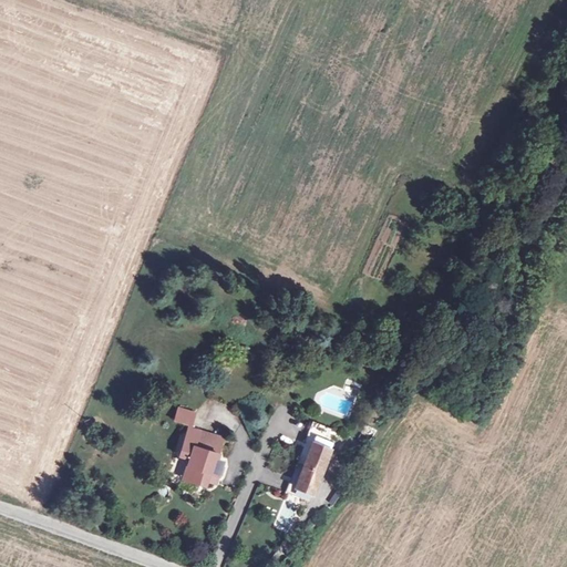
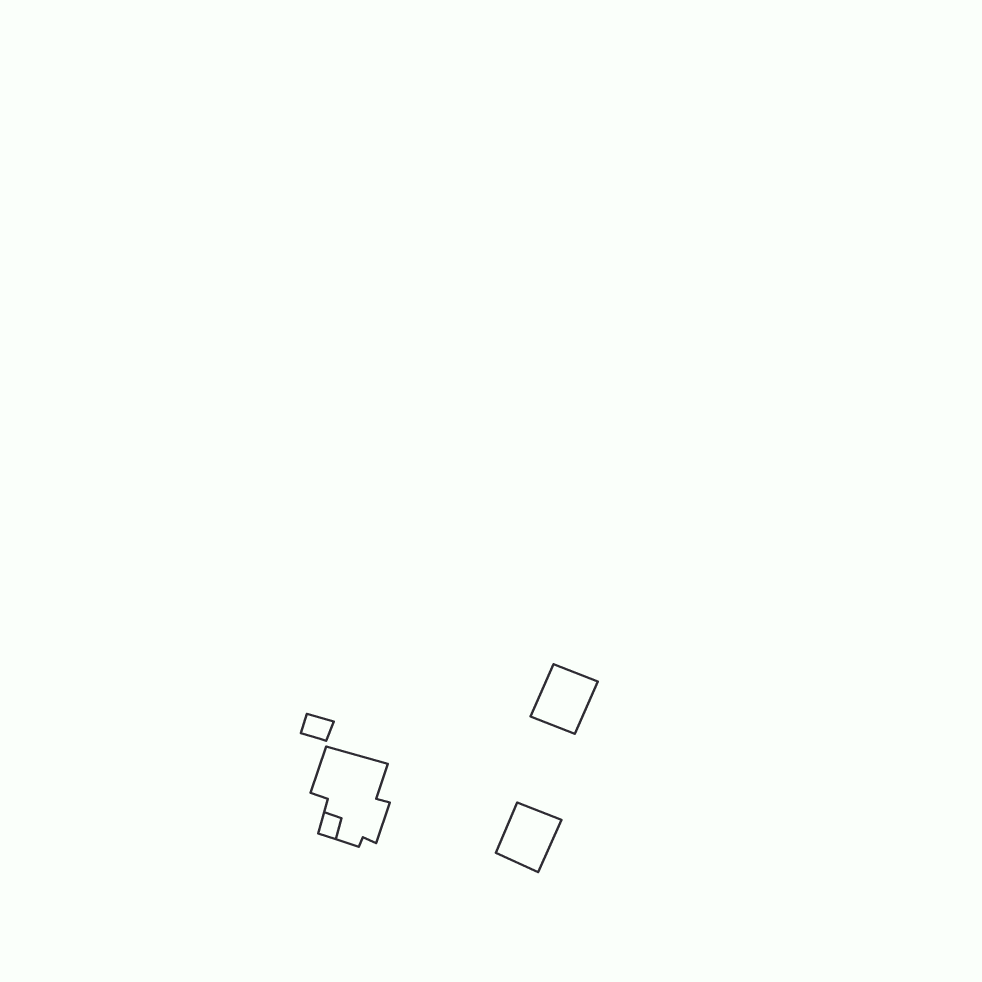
building: [299,431,338,471] -> [530,664,598,734]

